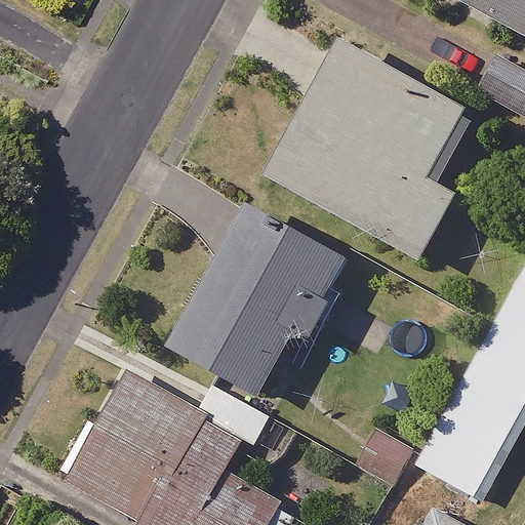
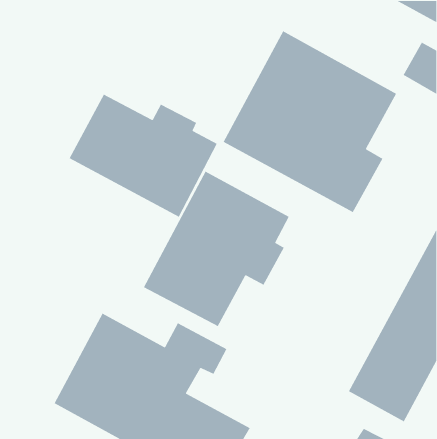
building: none -> [68,93,218,218]

